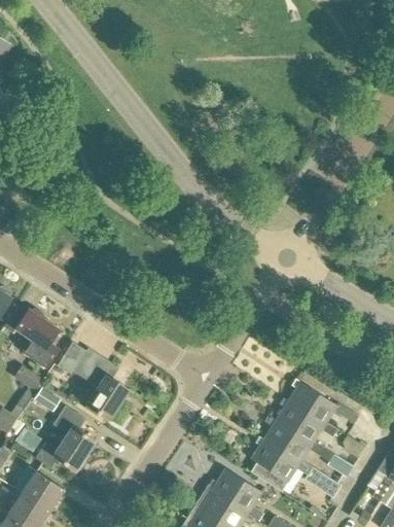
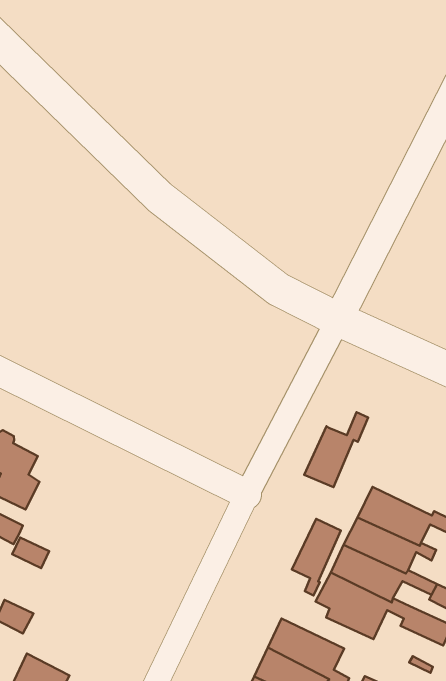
building: none -> [304,412,368,487]
building: [58,342,129,419] -> none
building: none -> [292,519,341,596]
building: [35,406,96,470] -> none

